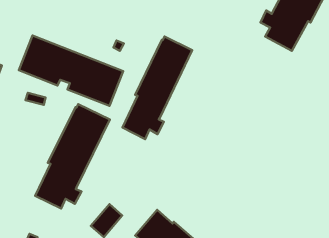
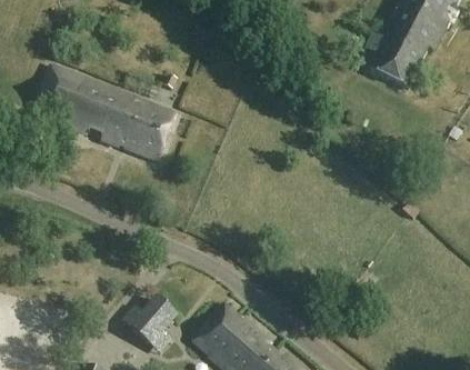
building: [122,36,192,139] -> none
building: [35,104,110,209] -> none

